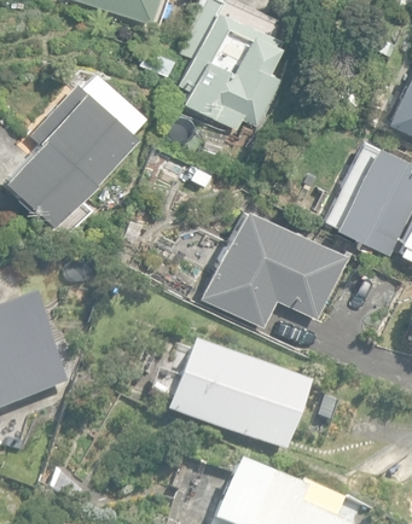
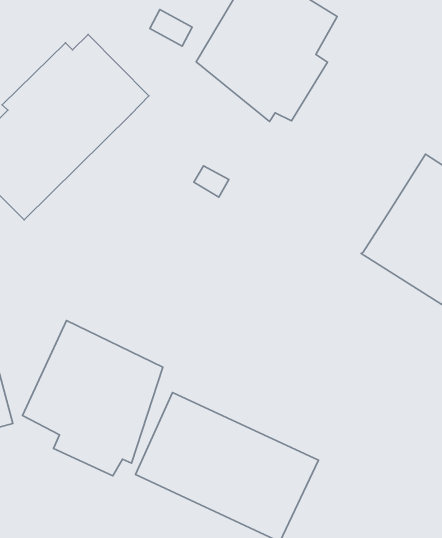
building: [199,205,347,327] -> none
building: none -> [23,321,163,476]

